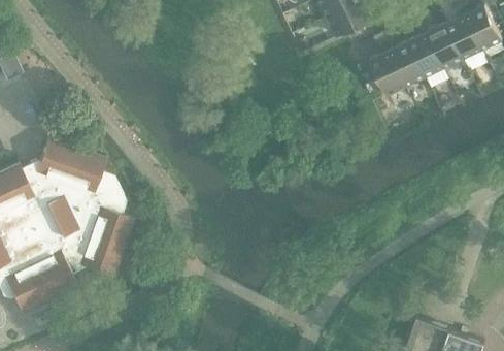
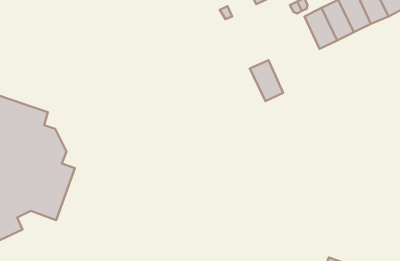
building: [368,51,405,96] -> [250,60,283,101]

